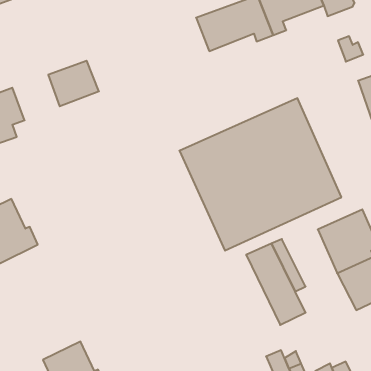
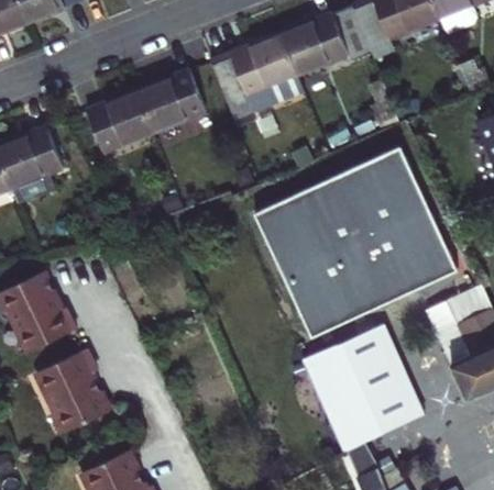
building: none -> [207,42,297,129]
building: none -> [135,75,206,134]
building: none -> [300,339,378,446]
building: none -> [34,346,109,431]

